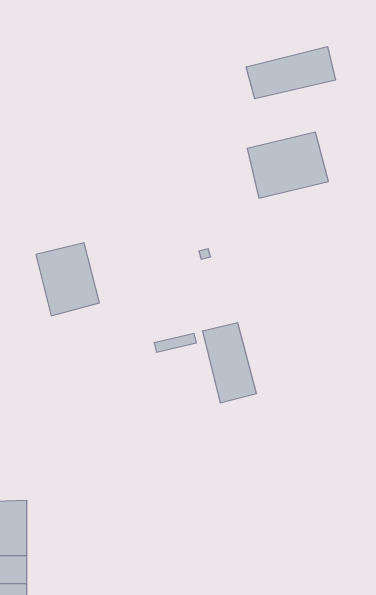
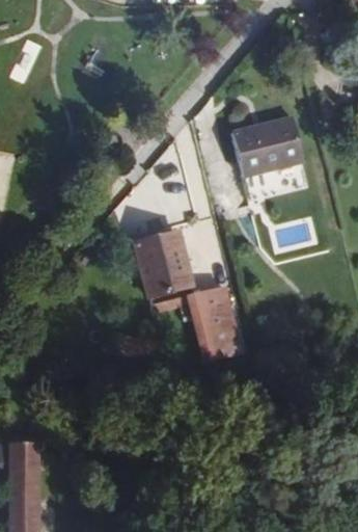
building: [246,47,336,99] -> none
building: [36,243,99,316] -> [136,234,192,298]

